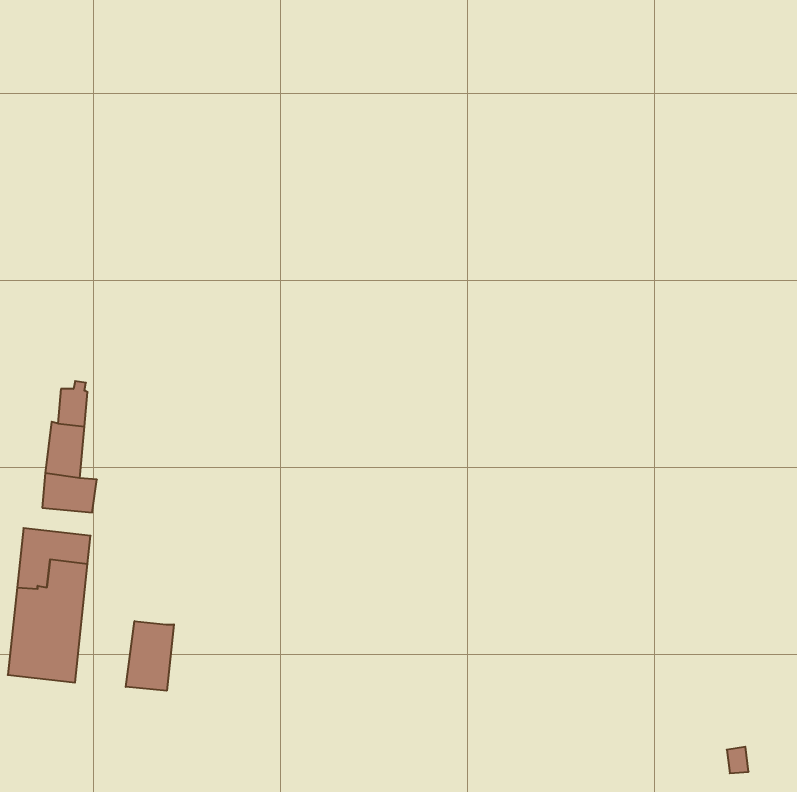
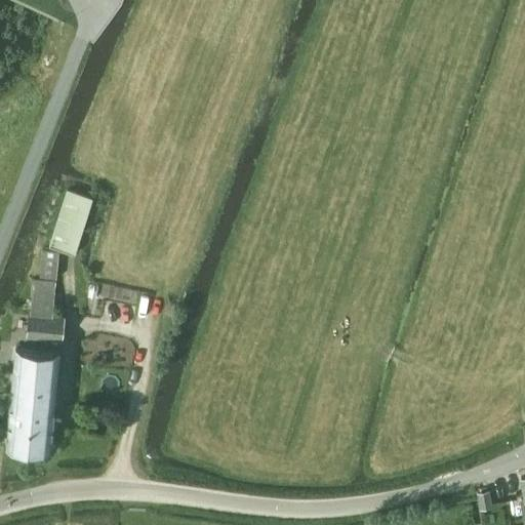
building: none -> [50,193,92,255]
building: [126,621,174,691] -> none

